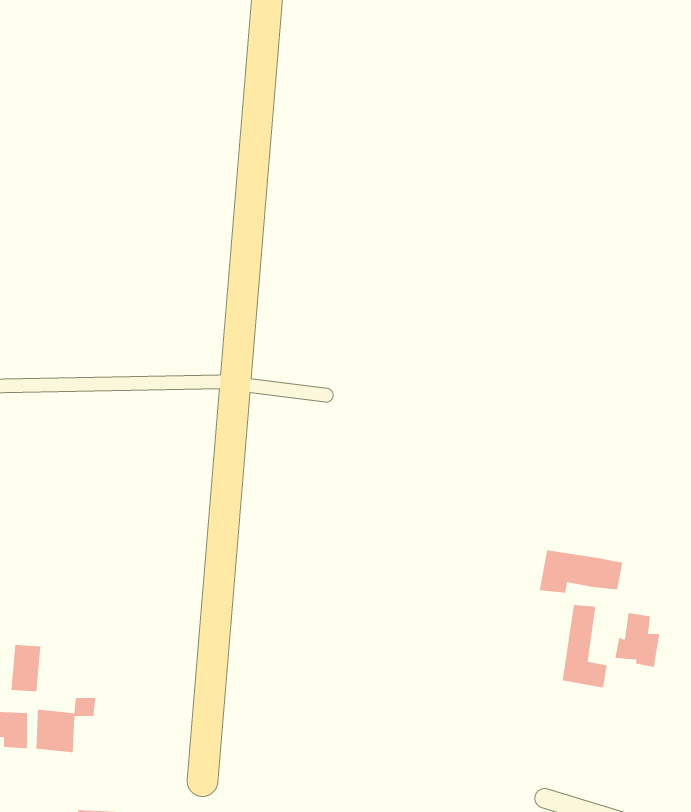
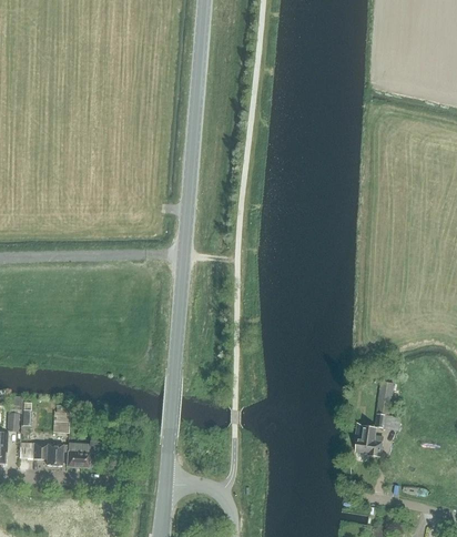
building: [539,550,623,594] -> none
building: [615,612,660,668] -> [356,425,383,457]

